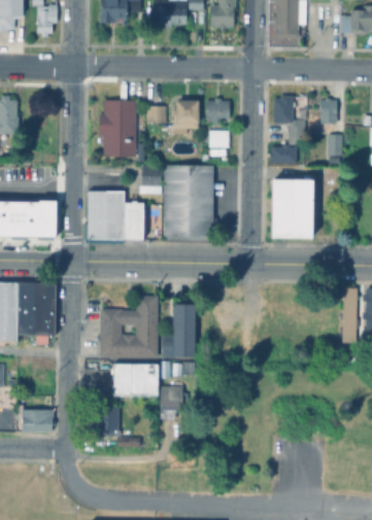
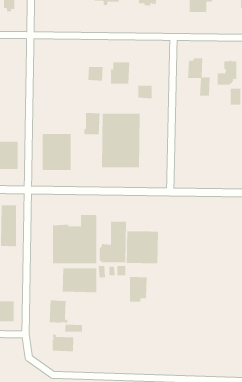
building: [206,98,230,119] -> none
building: [99,99,136,157] -> none
building: [270,144,297,163] -> none
building: [271,180,313,238] -> none
building: [125,203,143,240] -> none
building: none -> [126,230,158,264]
building: [160,384,183,417] -> [129,276,148,302]
building: none -> [52,334,74,352]

